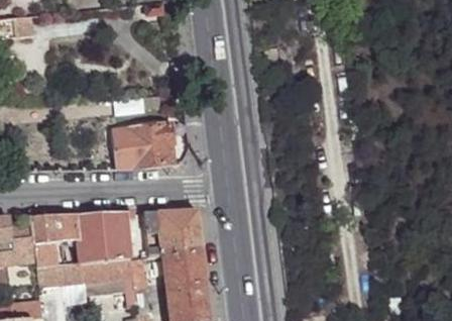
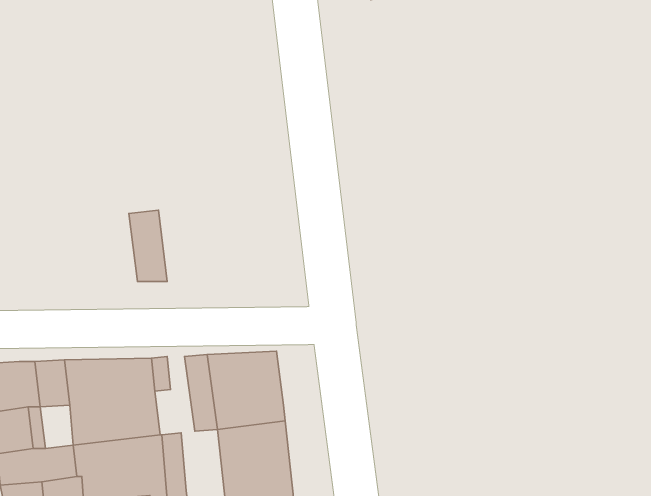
building: [128,121,174,167] -> none

